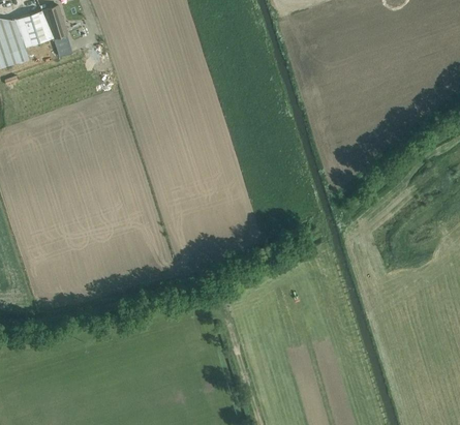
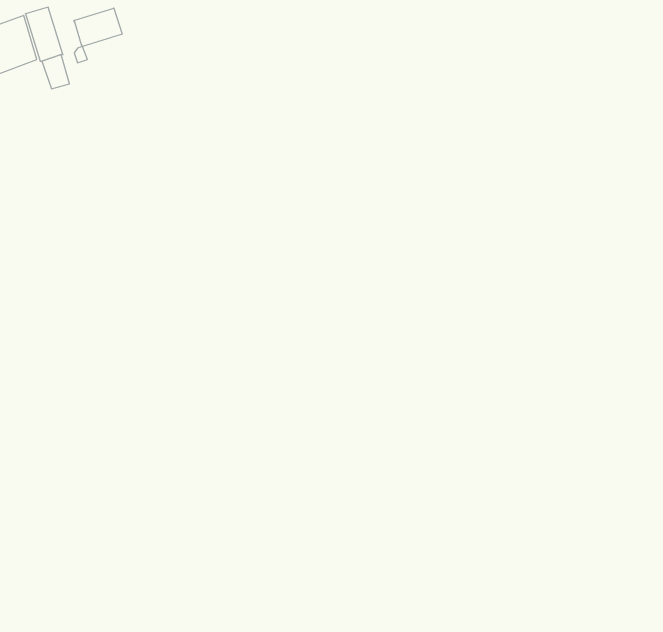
building: none -> [74,8,122,46]

